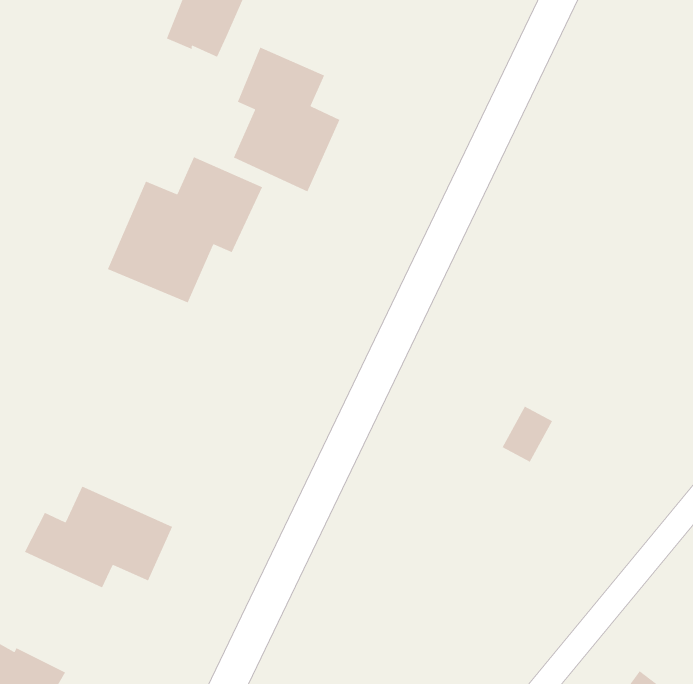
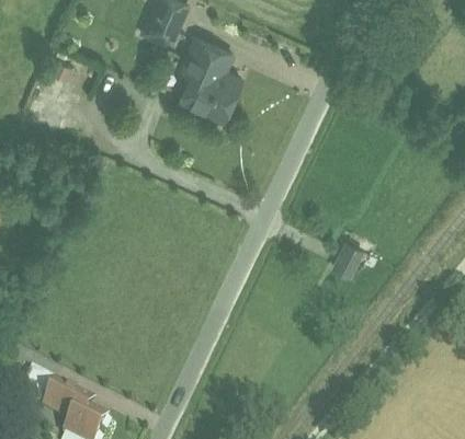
building: [107,156,263,303] -> none
building: [24,486,173,589] -> none

